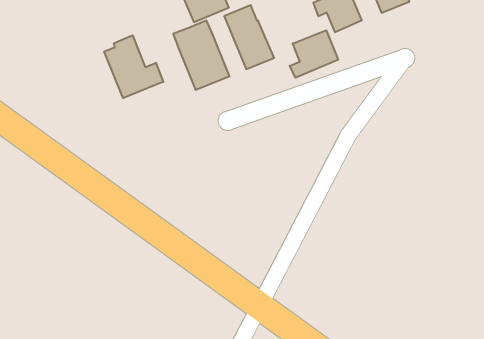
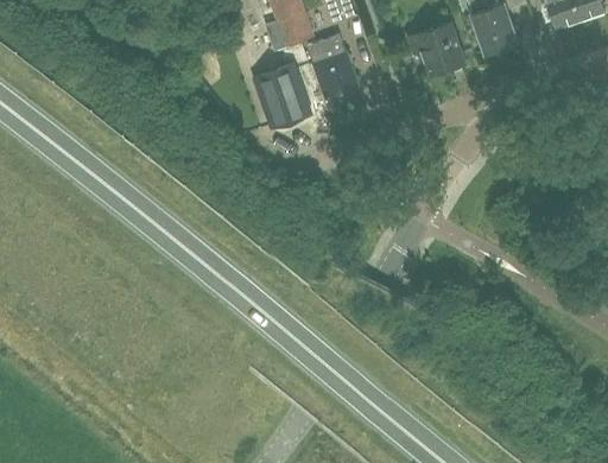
building: [290,30,338,78] -> none
building: [104,35,163,98] -> none

